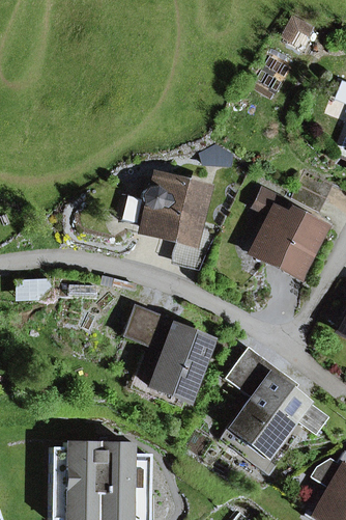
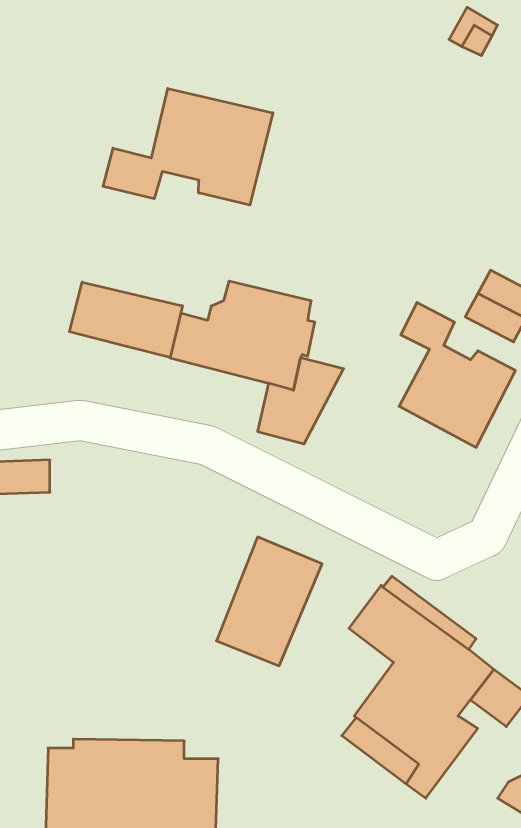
building: none -> [103,88,273,205]
building: none -> [69,282,182,357]
building: [124,308,173,350] -> none

